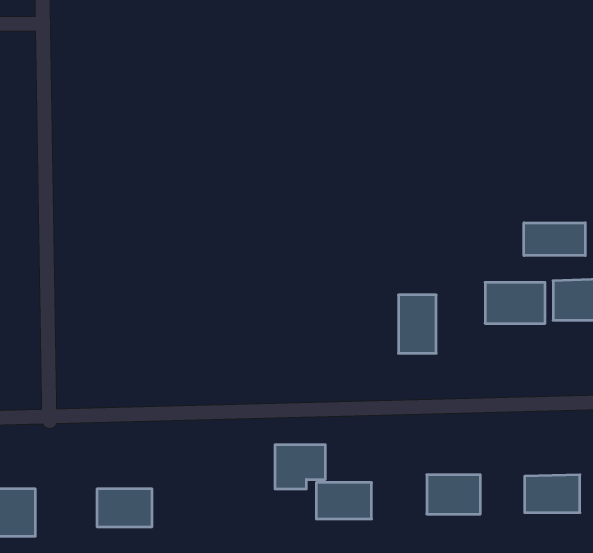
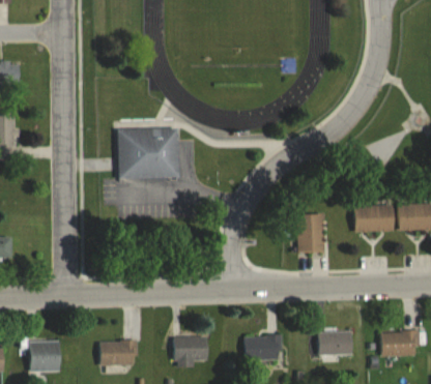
building: none -> [118,128,178,178]
building: [524,223,585,256] -> none
building: [275,445,325,489] -> [174,336,207,365]

